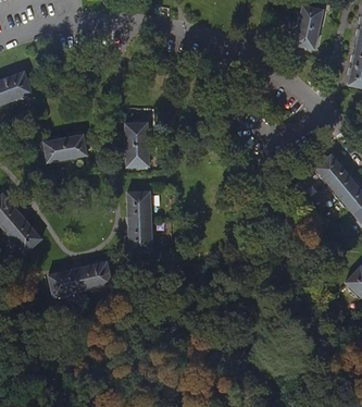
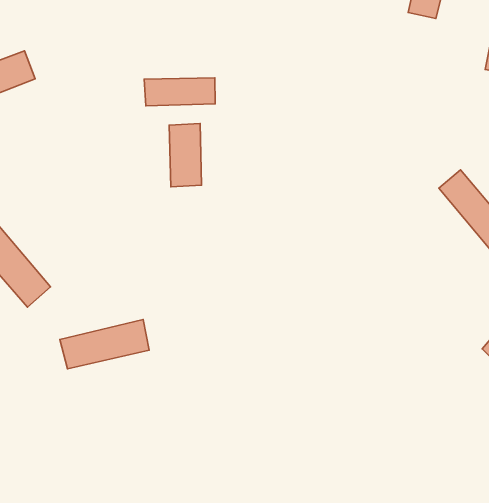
building: none -> [144,78,215,106]
building: [45,134,87,161] -> none
building: [128,190,152,251] -> none

